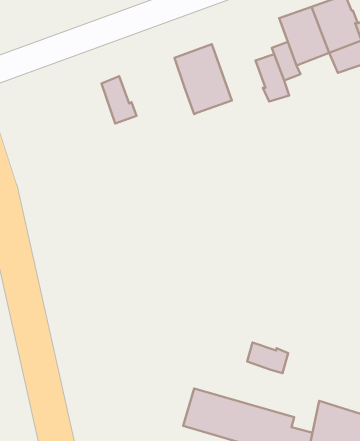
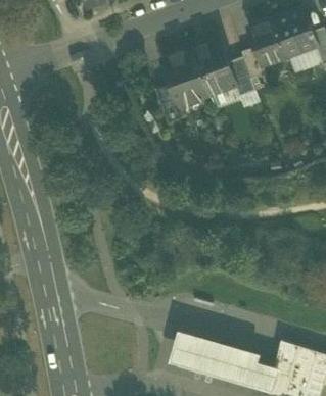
building: none -> [193,39,237,95]
building: [102,76,137,123] -> [156,84,185,122]
building: [247,343,288,373] -> none

